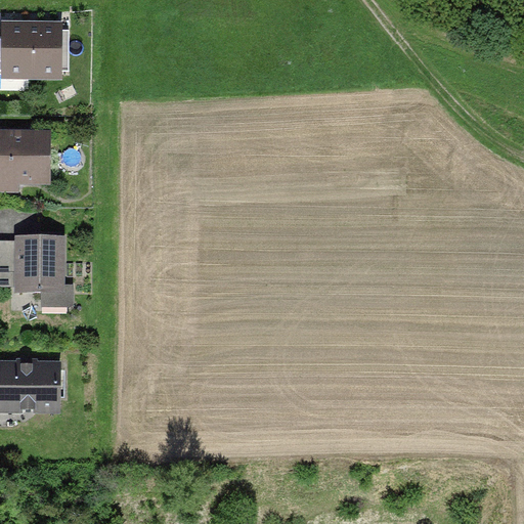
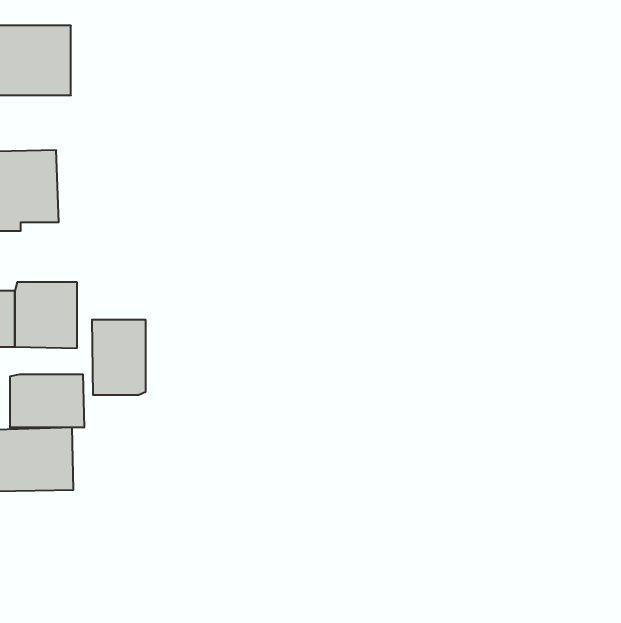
building: none -> [92,320,145,395]
building: none -> [10,374,84,428]

